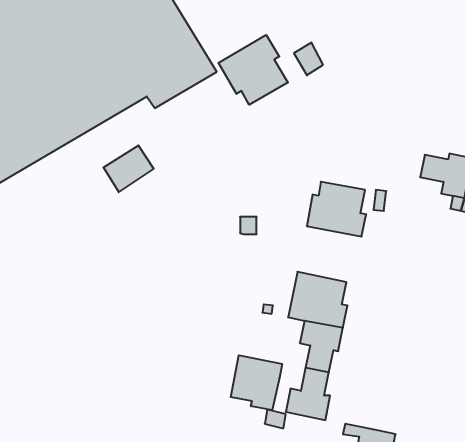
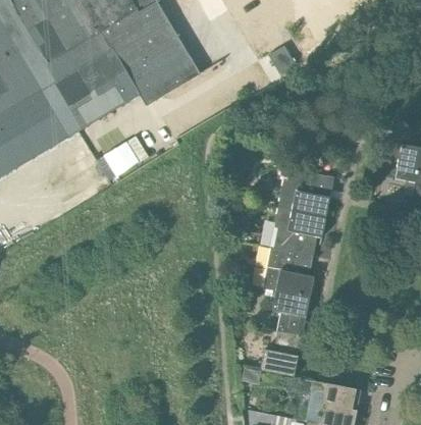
building: [219,35,288,105] -> none
building: none -> [270,208,326,257]
building: [231,355,282,410] -> none

